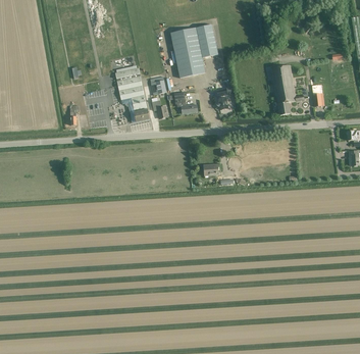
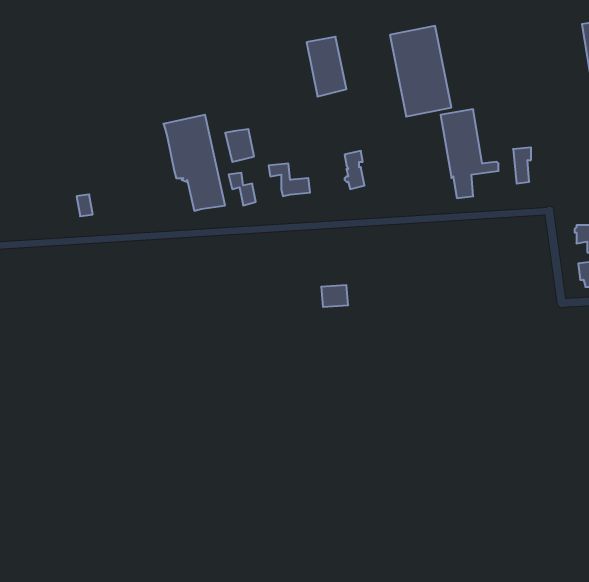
building: [171,27,206,78] -> [390,26,451,117]

